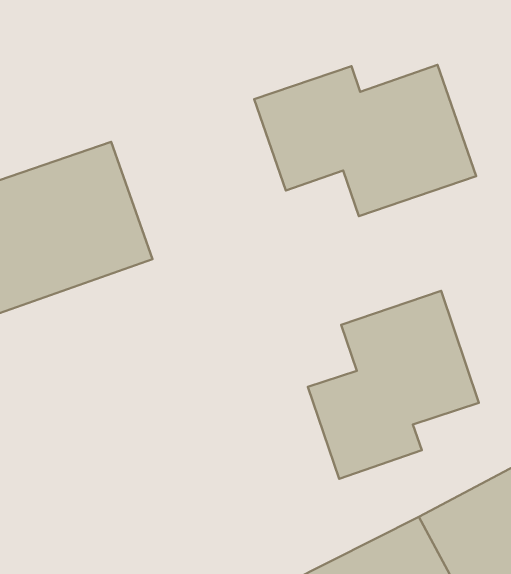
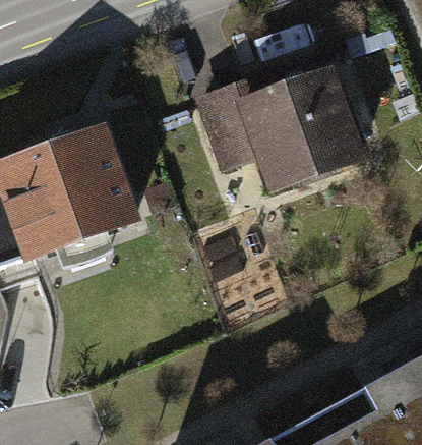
building: [308,291,479,479] -> none

